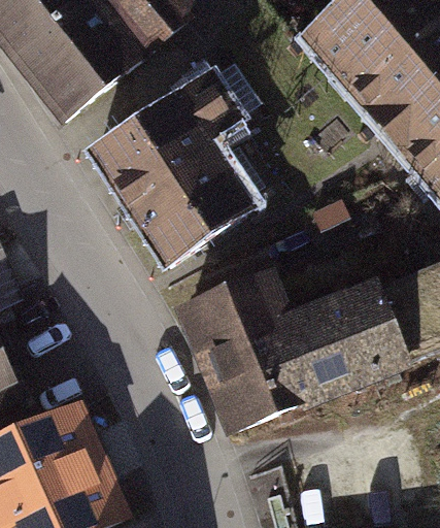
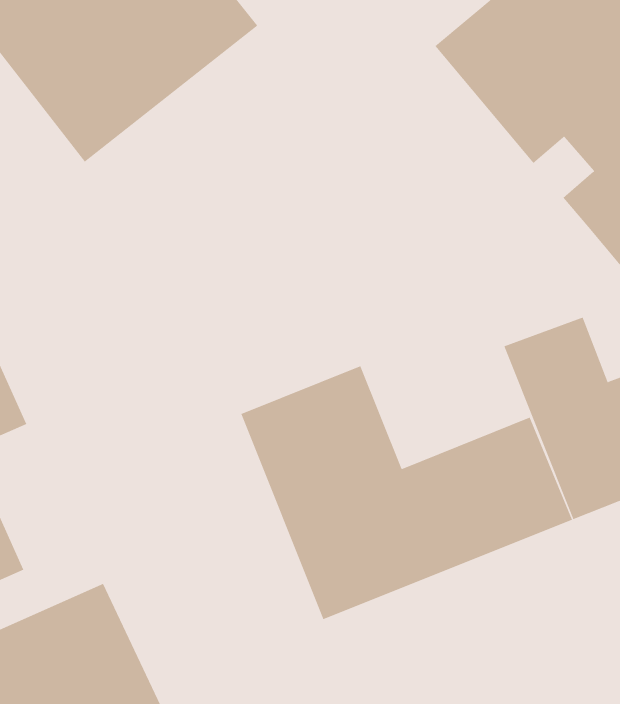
building: [86,78,247,271] -> none

